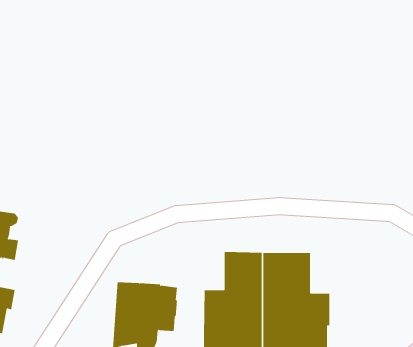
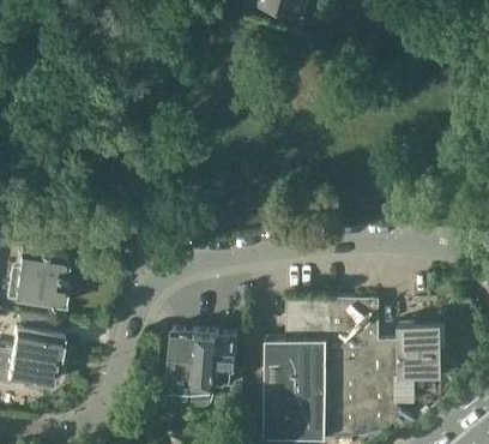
building: none -> [398,325,442,379]

